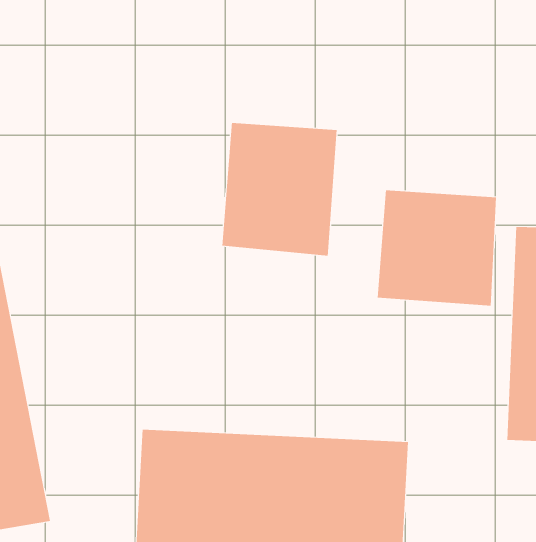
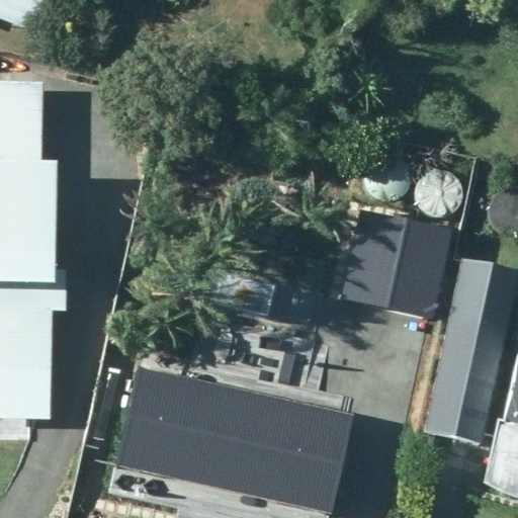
building: [222,122,337,256] -> none

